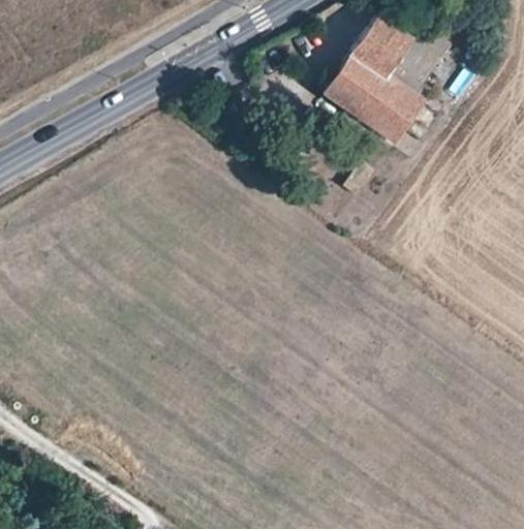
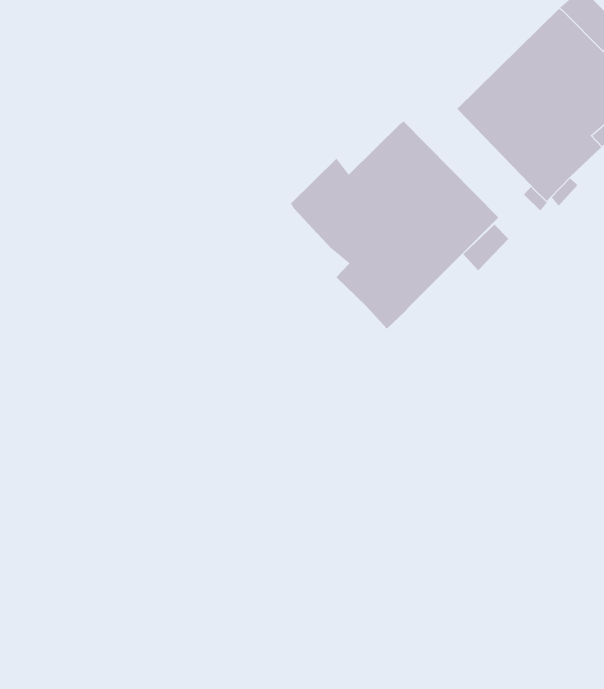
building: none -> [290,121,499,329]

